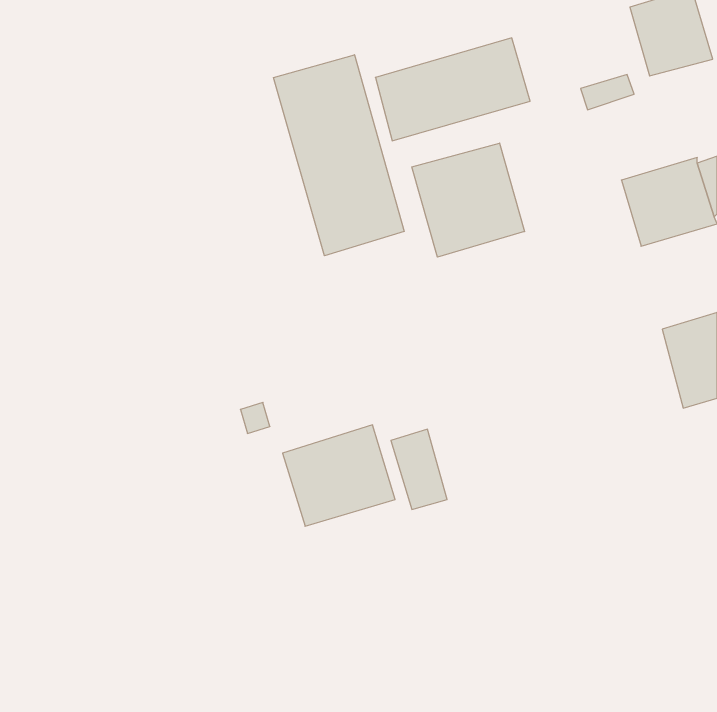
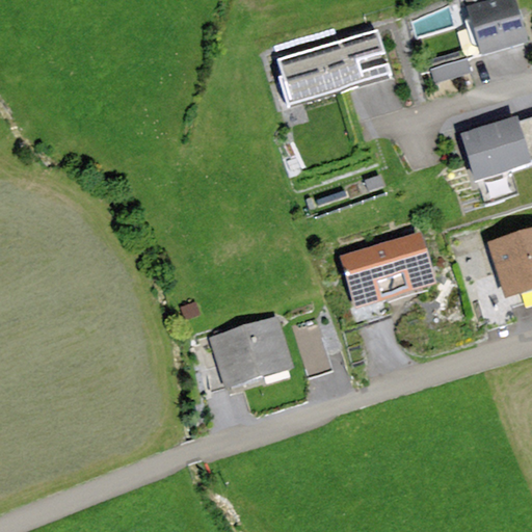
building: [274,55,404,256] -> none
building: [412,143,525,257] -> none
building: none -> [341,232,434,305]

